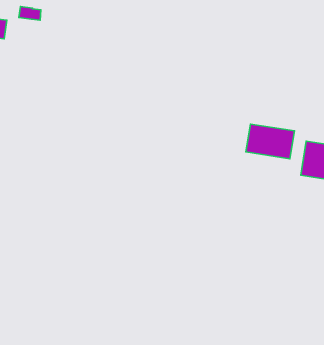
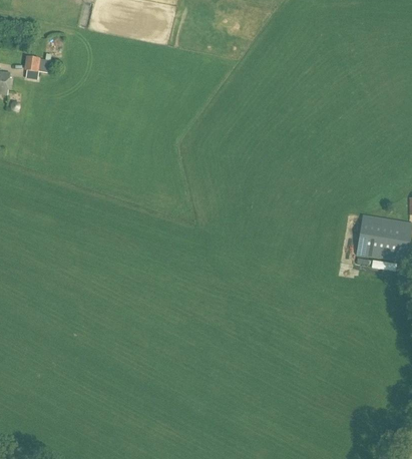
building: [246,124,294,159] -> none

